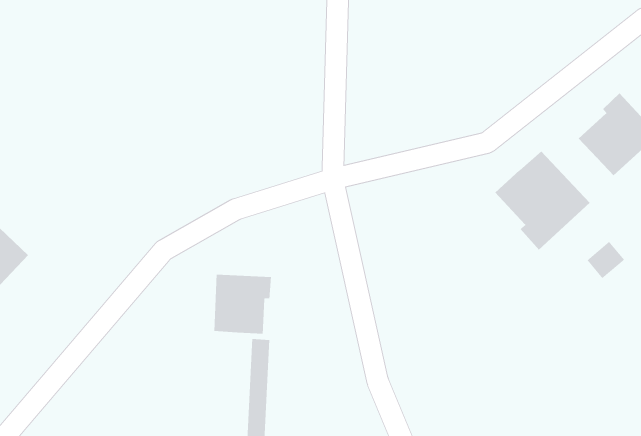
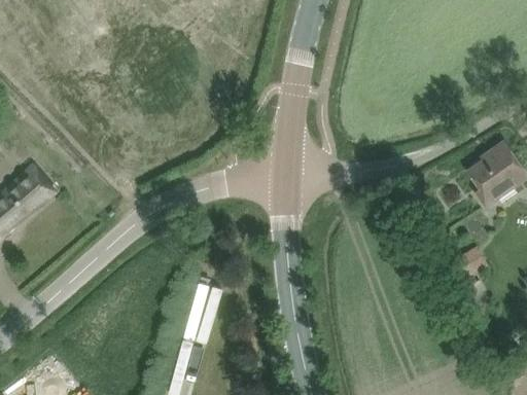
building: [494,150,590,251] -> none
building: [213,274,272,335] -> none

